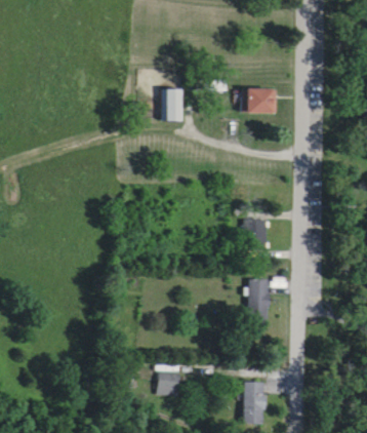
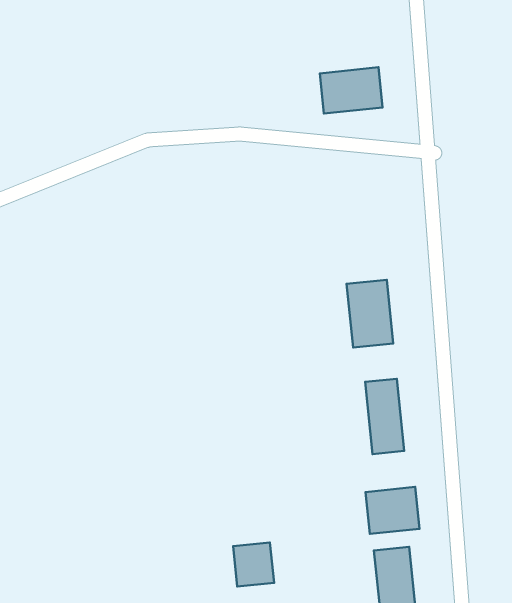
building: [161,88,181,120] -> none
building: none -> [365,487,419,534]

